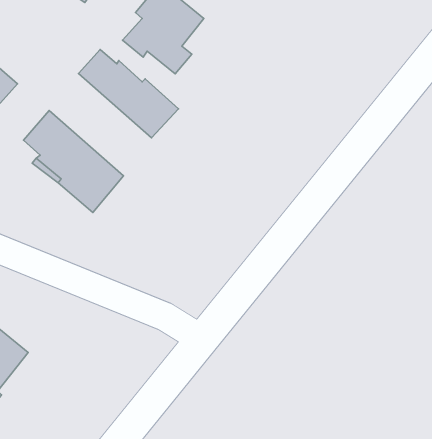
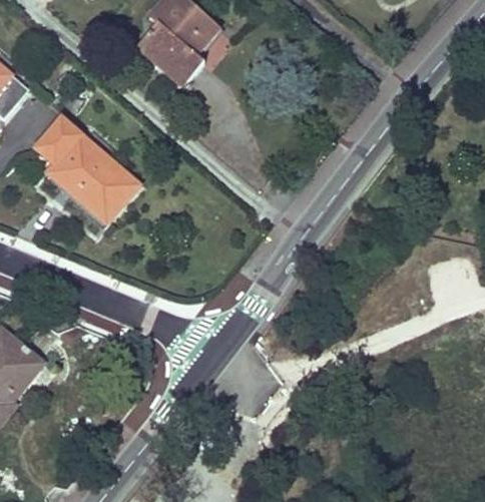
building: [79,49,178,138] -> none

